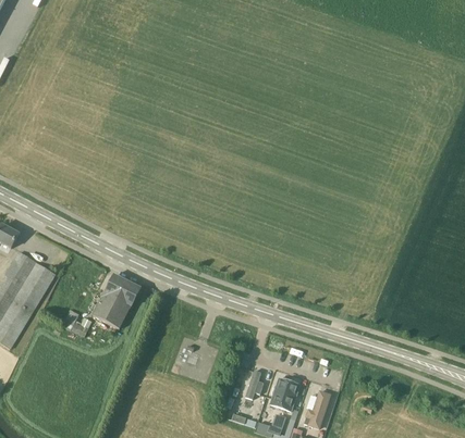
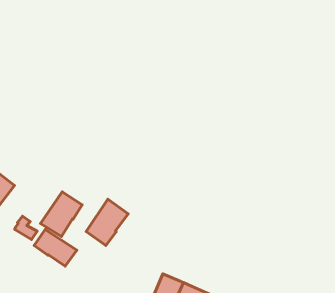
building: none -> [86,199,128,245]
building: none -> [34,230,77,266]

